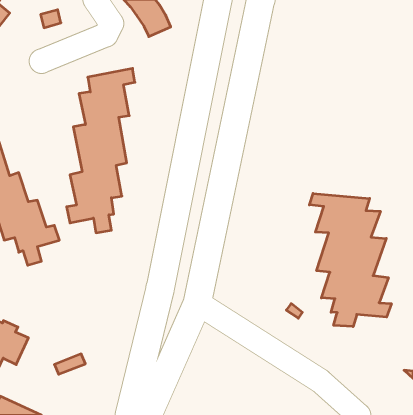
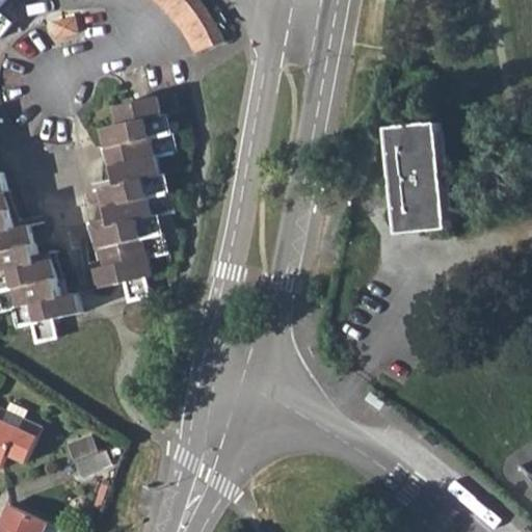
building: none -> [387,126,448,236]
building: [309,193,391,327] -> none

